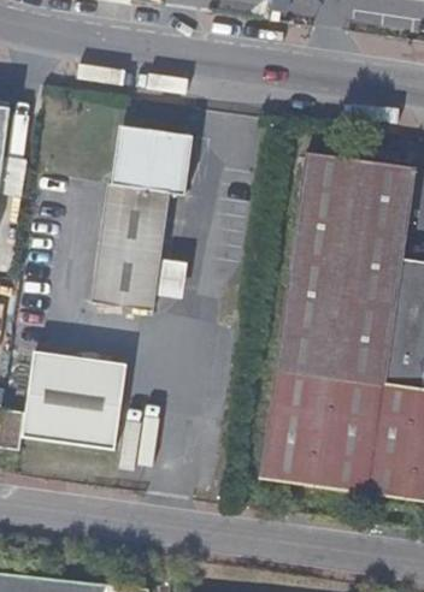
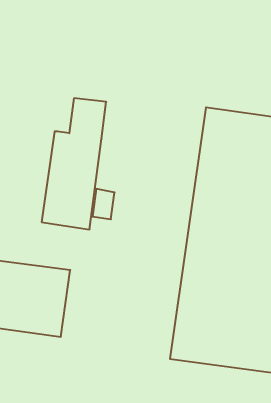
building: [111,125,193,195] -> none

